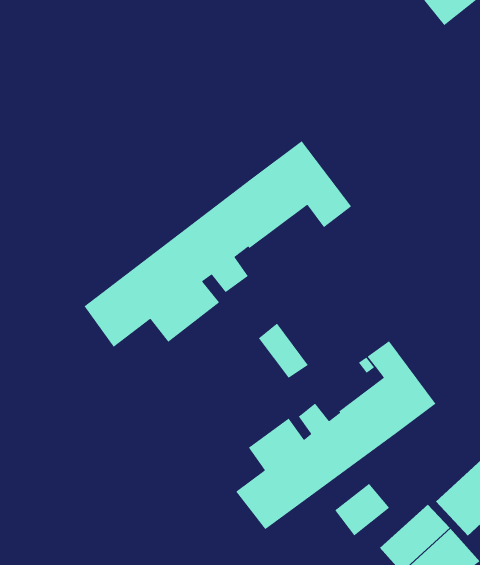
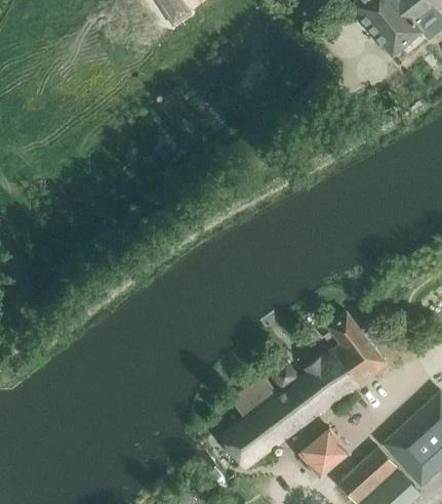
building: [83,140,352,348] -> none
building: [258,323,309,379] -> none

